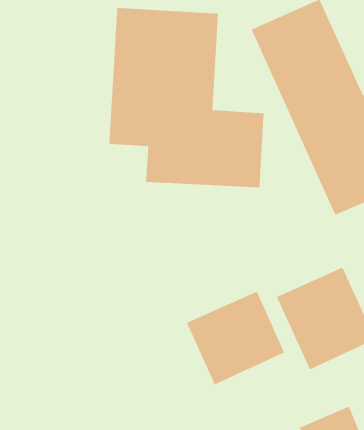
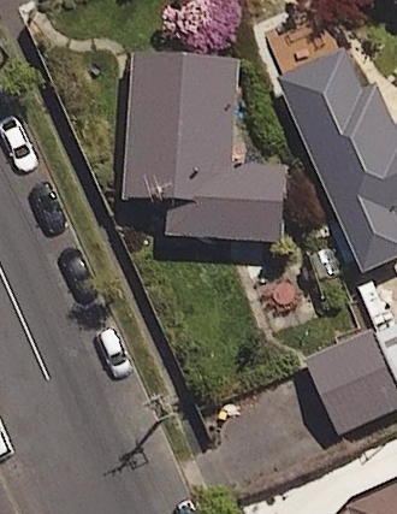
building: [186,291,285,385] -> none

